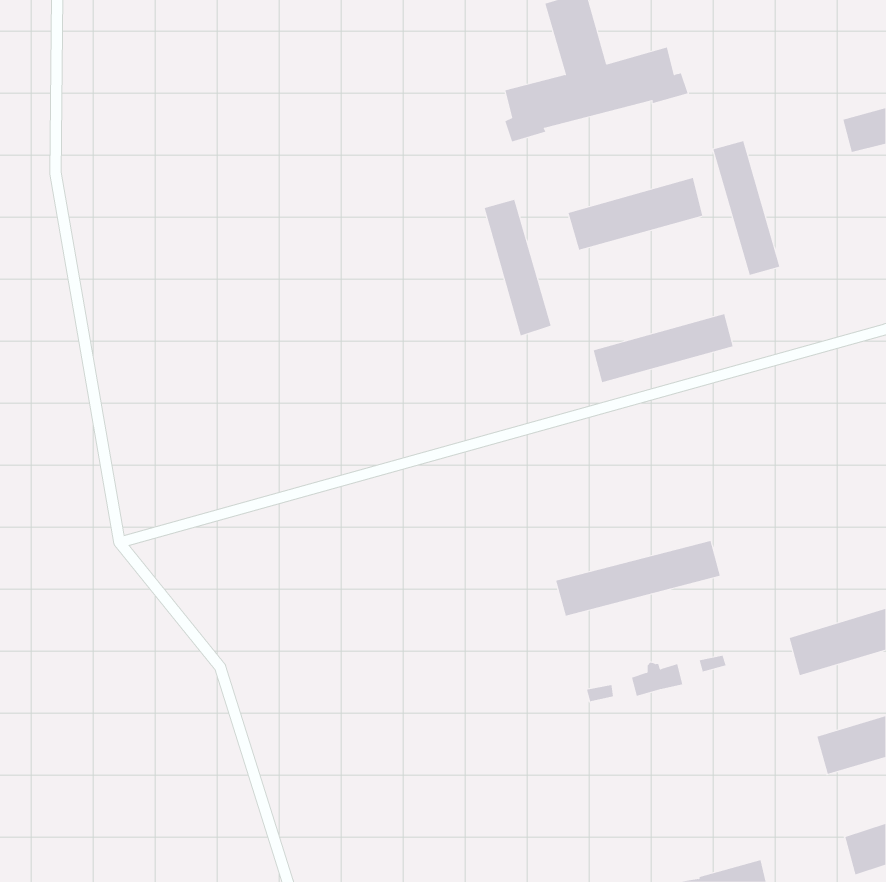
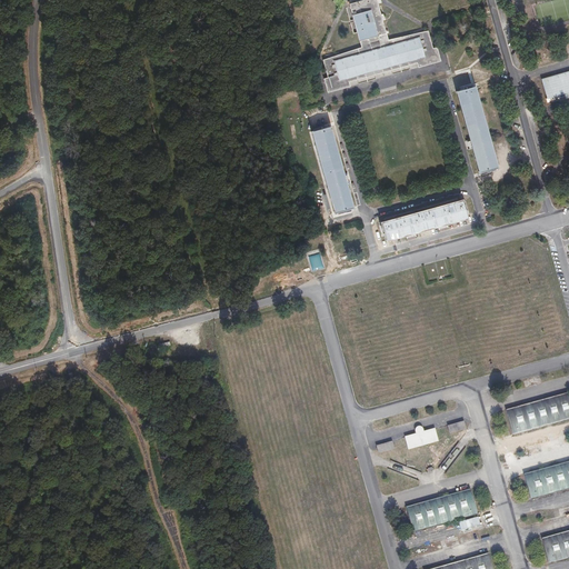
building: [568,177,703,251] -> none
building: [556,540,721,616] -> none
building: none -> [402,488,477,530]

